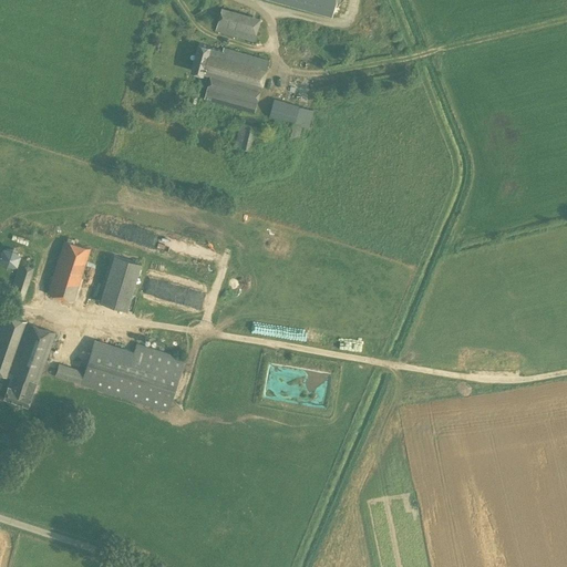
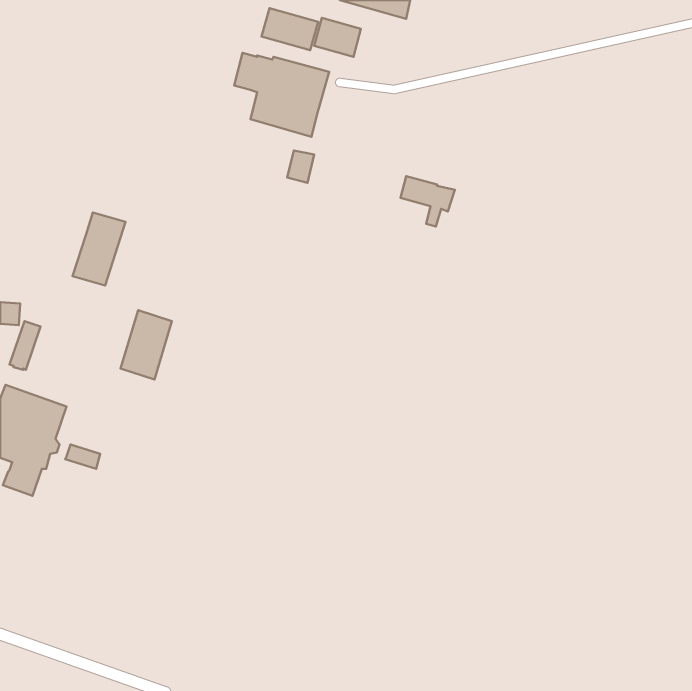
building: none -> [314,18,361,57]
building: [269,100,313,141] -> [401,176,455,226]
building: [47,241,90,301] -> [73,212,125,286]
building: [81,339,184,412] -> none

